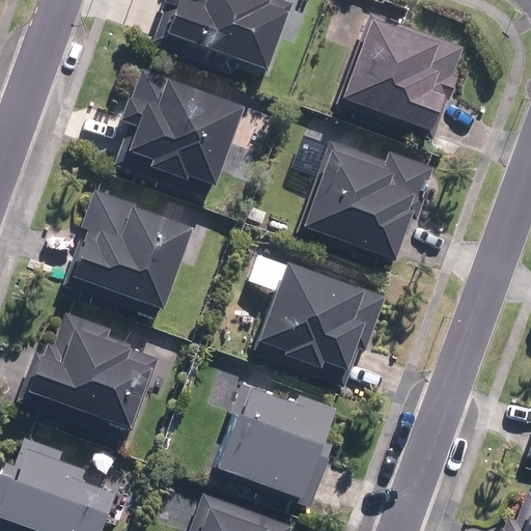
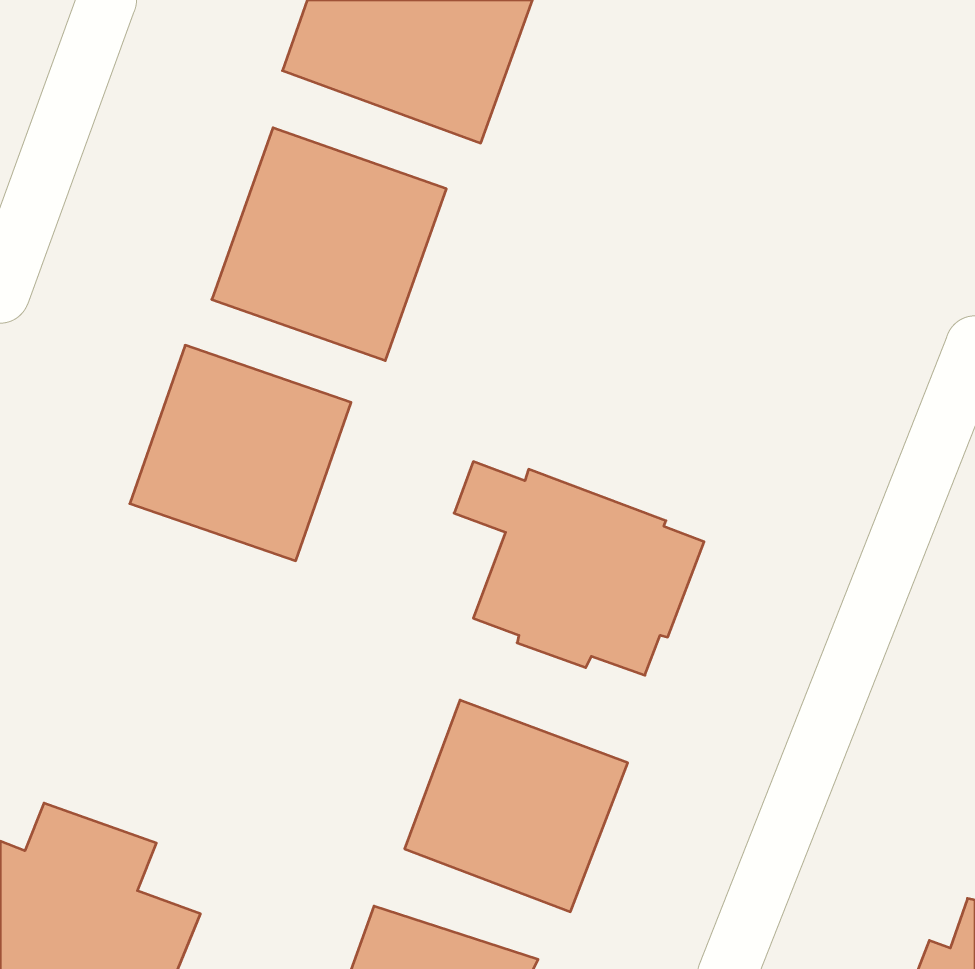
building: [344,17,460,128] -> none
building: [300,142,429,260] -> none
building: [28,317,158,441] -> none

